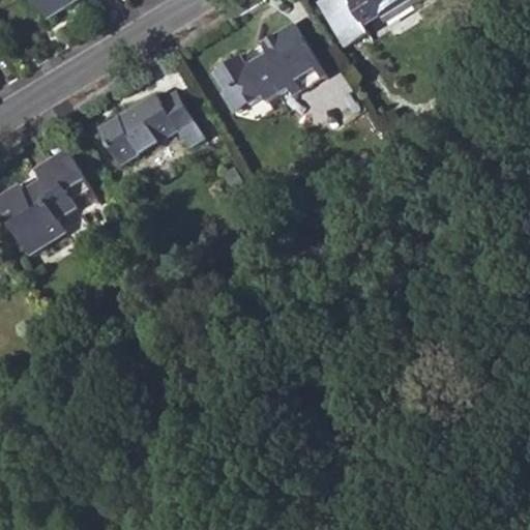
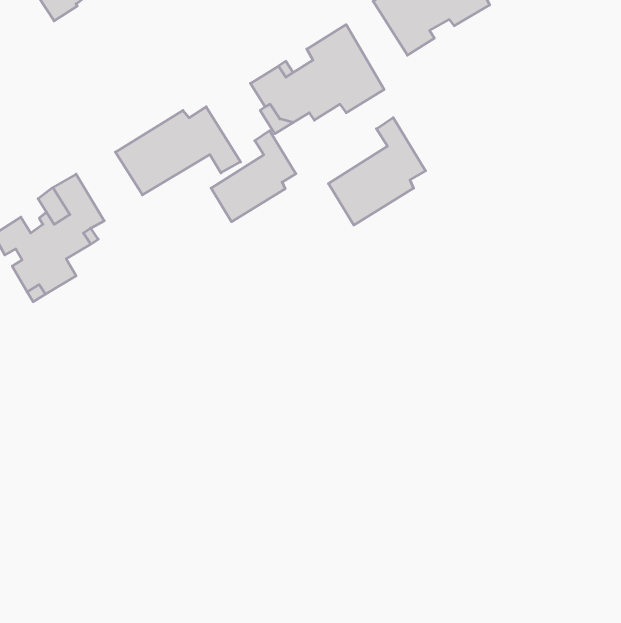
building: none -> [328,118,426,225]
building: none -> [211,131,296,222]

